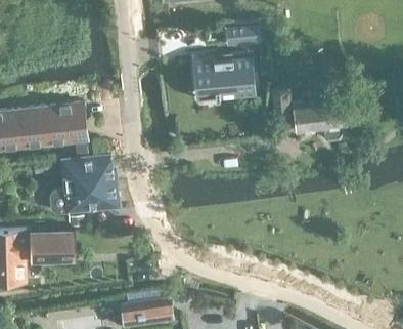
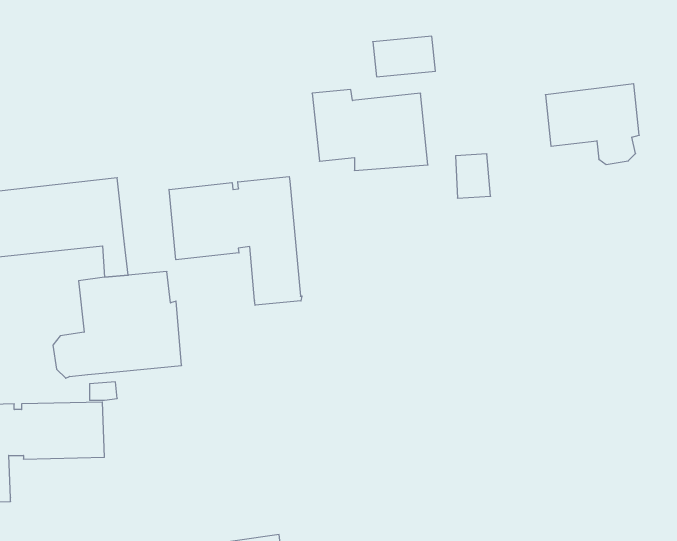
building: [293,97,345,142] -> [545,84,639,165]
building: none -> [169,177,302,305]

